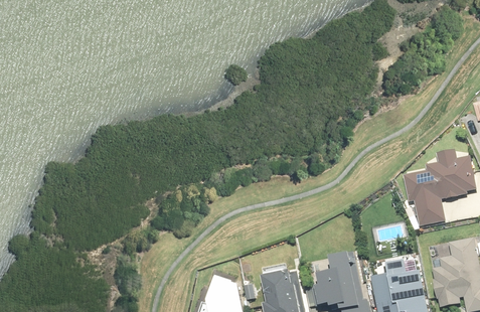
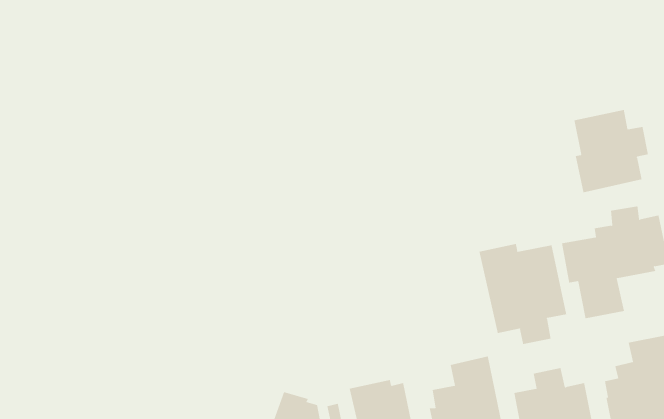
building: none -> [574,109,649,193]
building: none -> [479,243,567,345]

